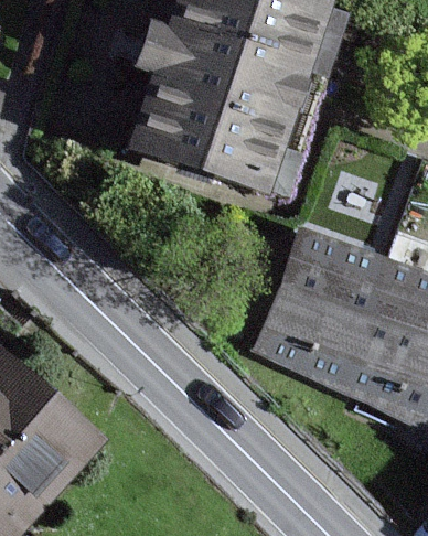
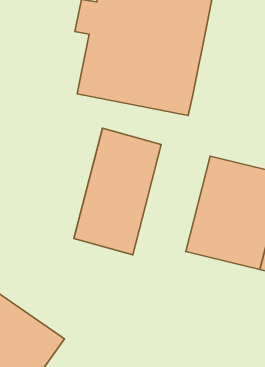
building: none -> [74,128,161,255]

